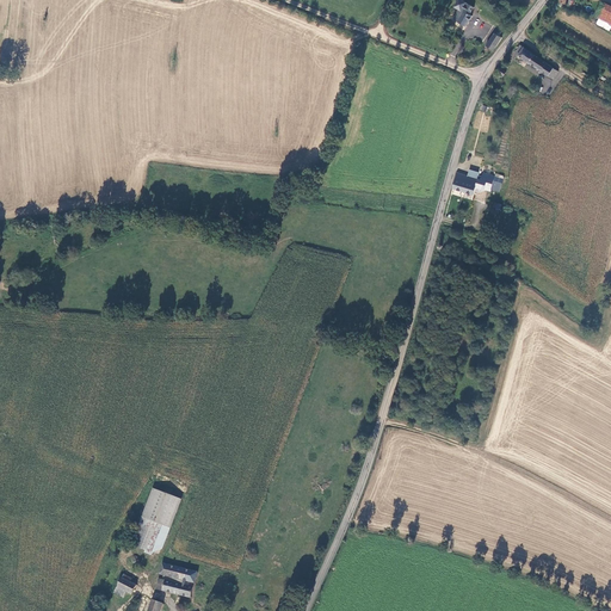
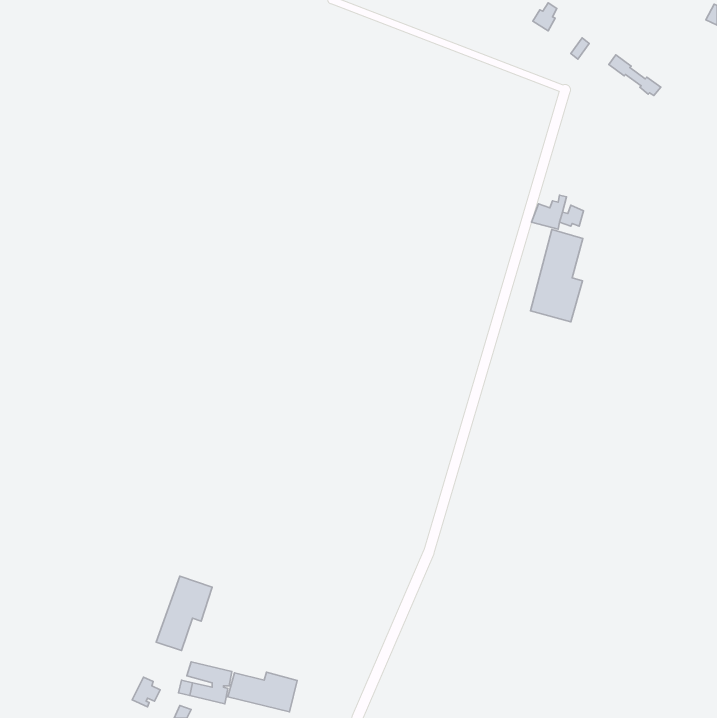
building: none -> [531,230,583,322]
building: none -> [228,672,297,712]

